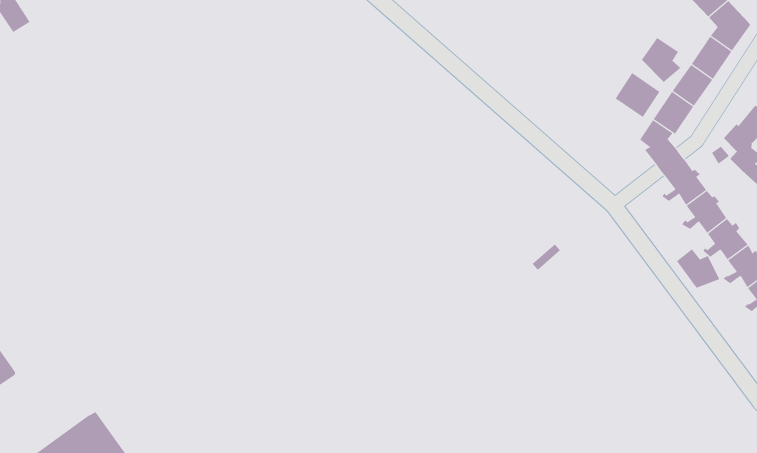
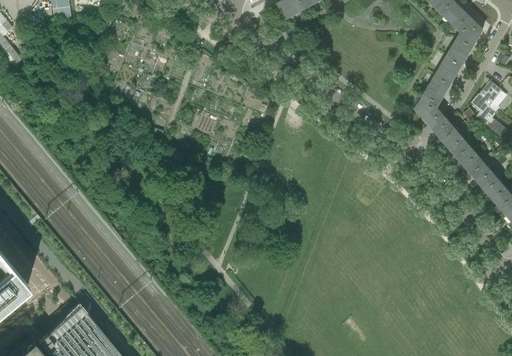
building: [641,37,681,83] -> none
building: [615,72,660,118] -> none
building: [676,248,720,288] -> none

